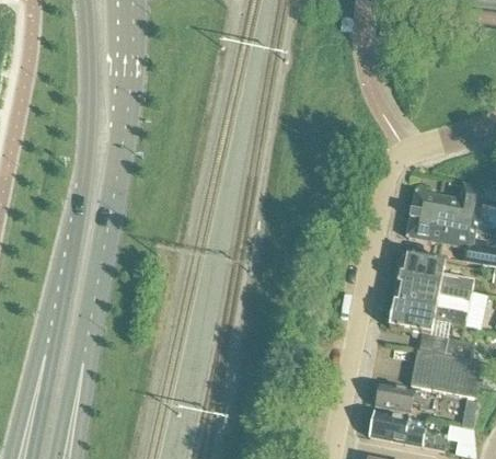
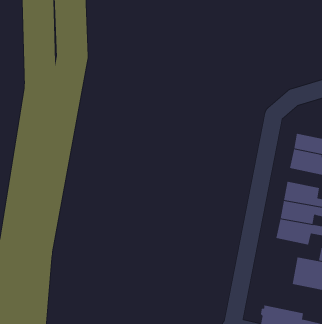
building: [371,382,431,411] -> none

